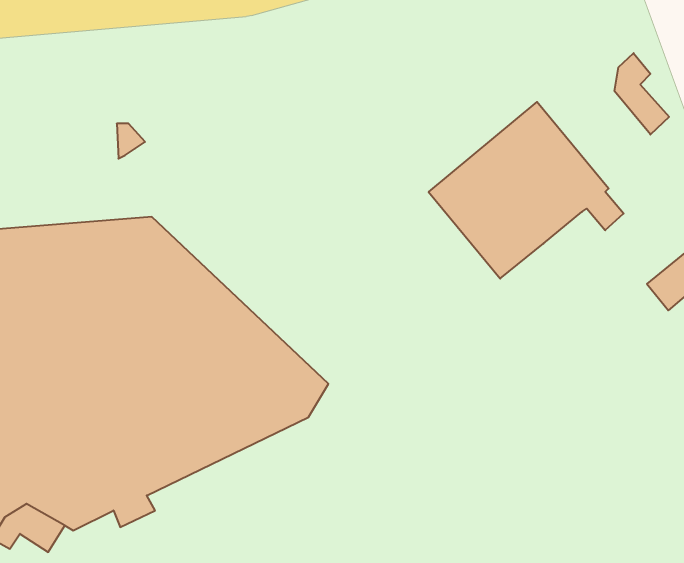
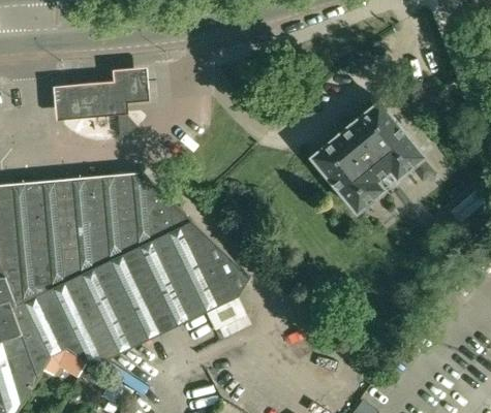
building: [614,53,669,135] -> none
building: none -> [51,75,139,120]

